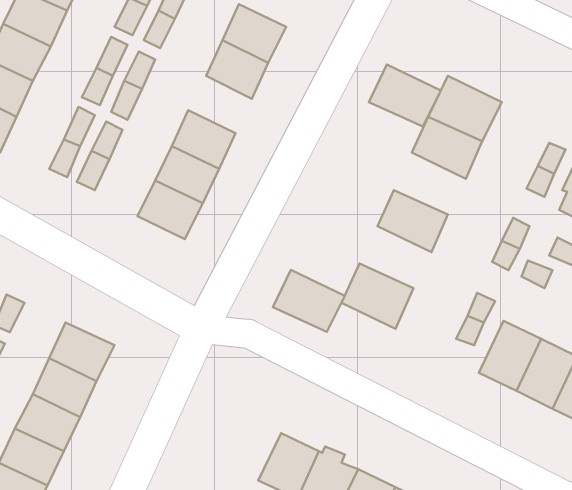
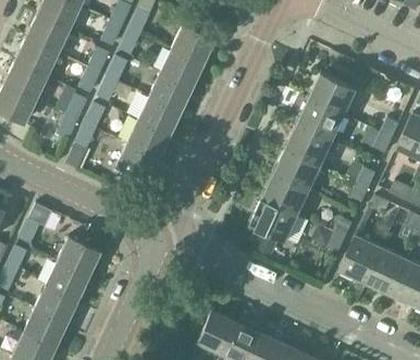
building: [369,64,441,126] -> [285,124,333,165]
building: none -> [148,73,190,111]
building: [273,270,345,332] -> [262,173,310,214]

